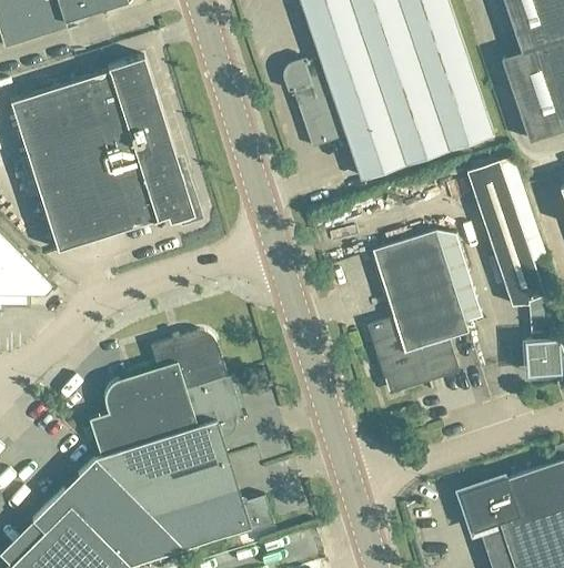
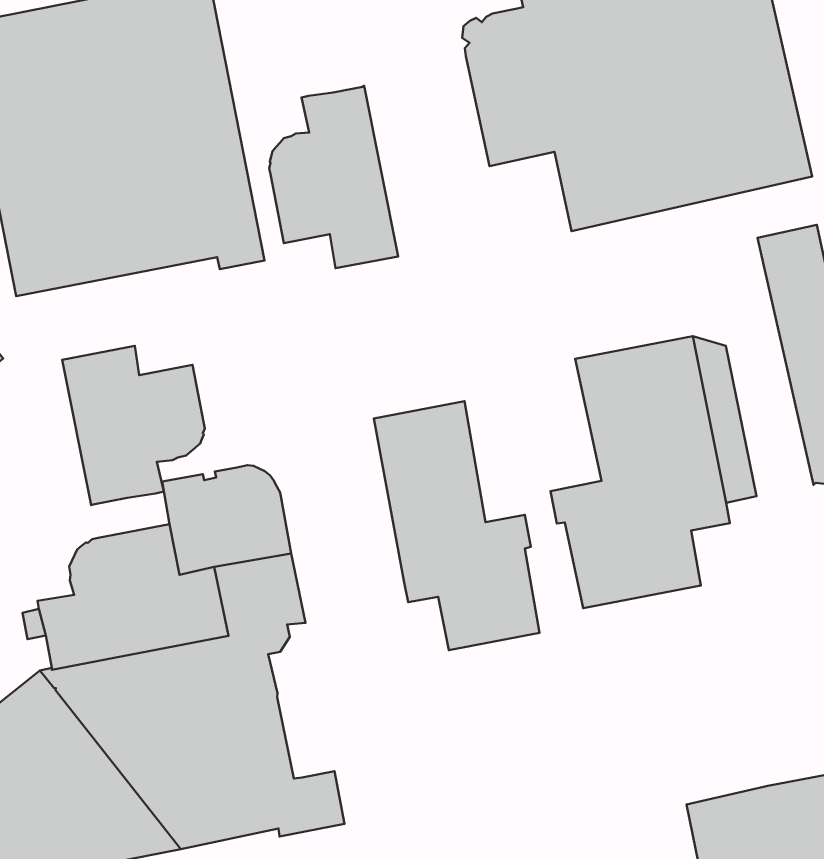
building: none -> [269,86,398,268]
building: none -> [62,346,205,505]
building: none -> [374,401,540,650]

